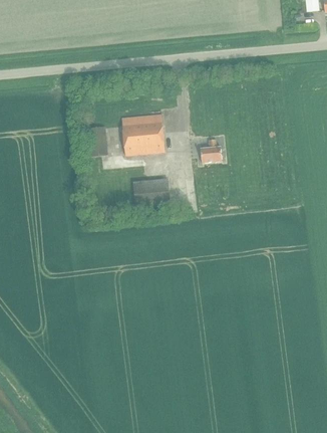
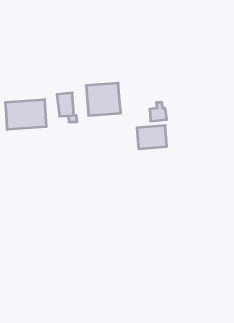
building: none -> [5,99,46,130]
building: [134,179,172,208] -> [137,125,167,149]

